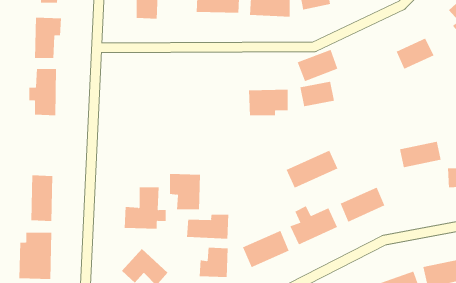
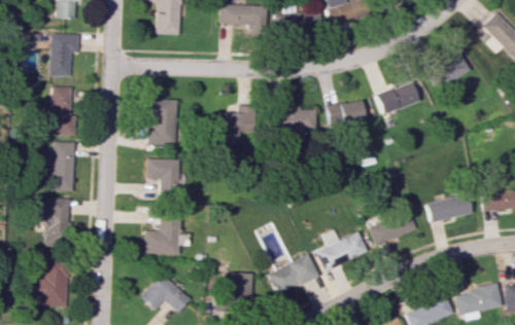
building: [297,49,338,82] -> [375,81,418,115]
building: none -> [148,99,176,145]
building: none -> [219,112,254,144]
building: none -> [45,142,74,191]
building: [399,141,442,168] -> [427,194,472,222]
building: [286,150,338,188] -> none
building: [169,173,201,210] -> [147,158,180,196]
building: [187,214,229,239] -> none

